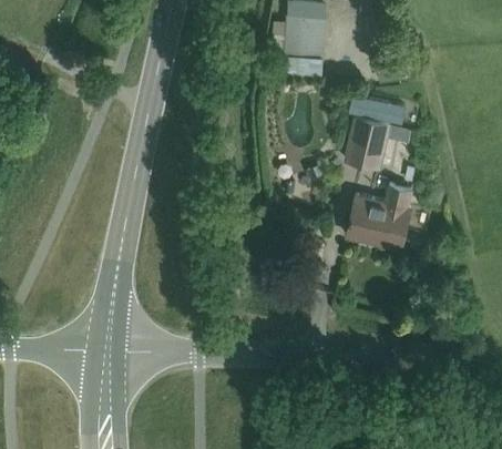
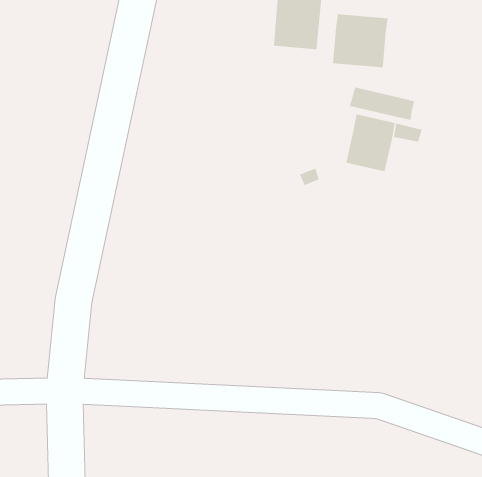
building: none -> [333,14,388,68]
building: [347,184,411,249] -> none

